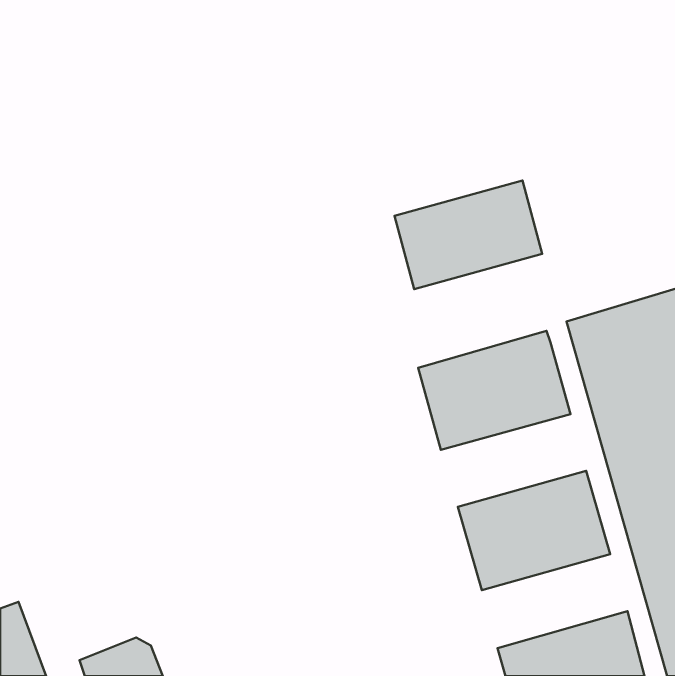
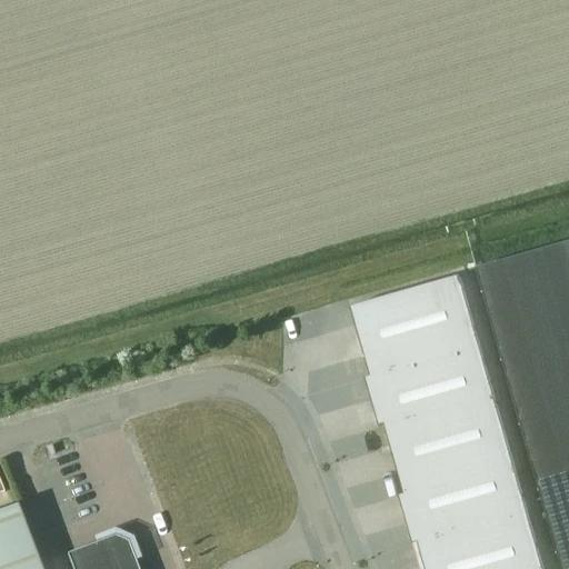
building: [394,181,542,289] -> none
building: none -> [367,348,493,428]
building: none -> [400,466,528,546]

